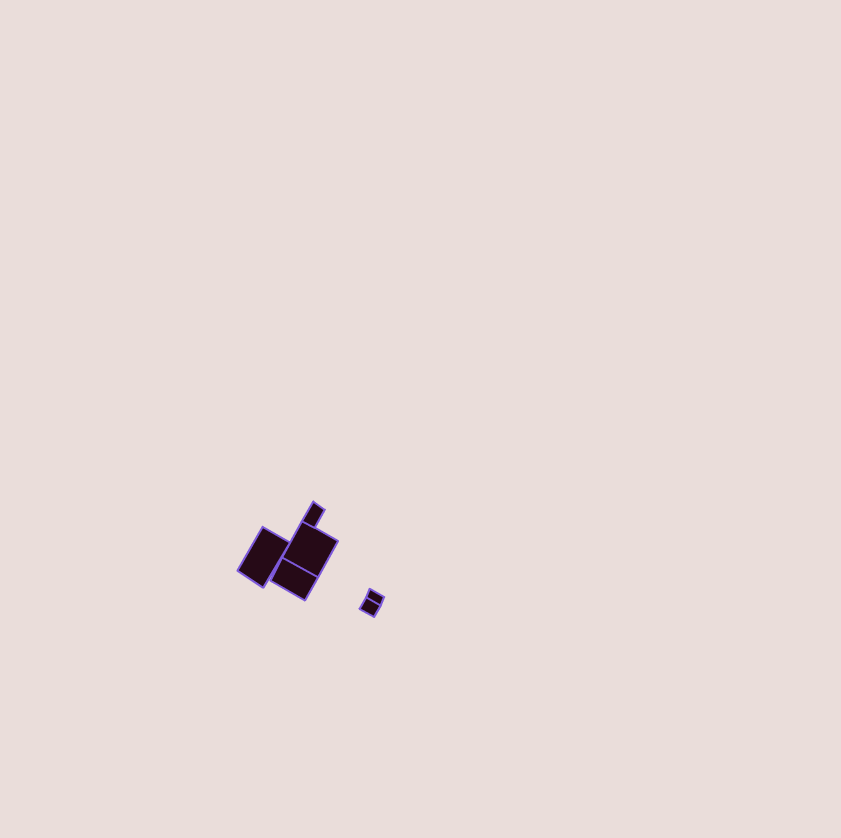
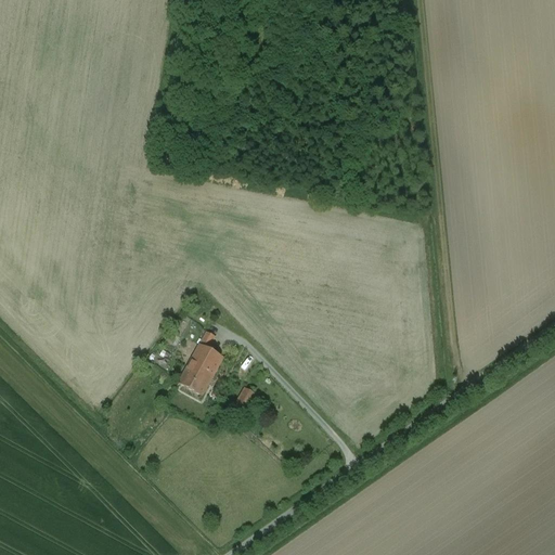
building: [238,527,290,588] -> none

